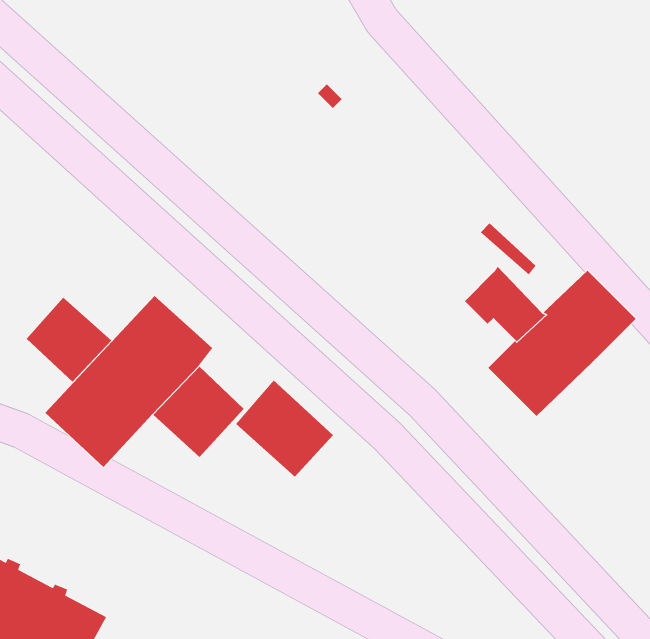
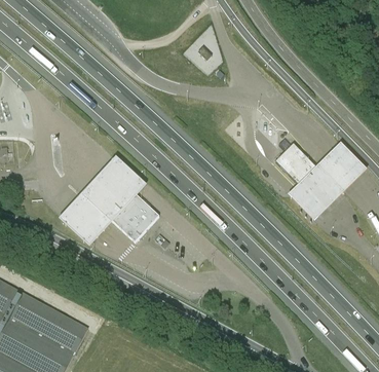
building: [26,297,112,383] -> none
building: [235,379,334,478] -> none

